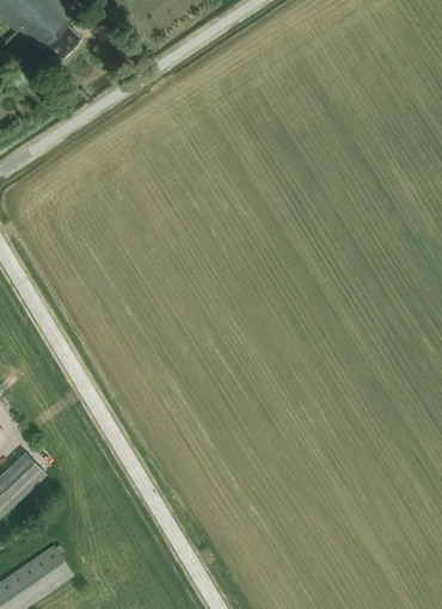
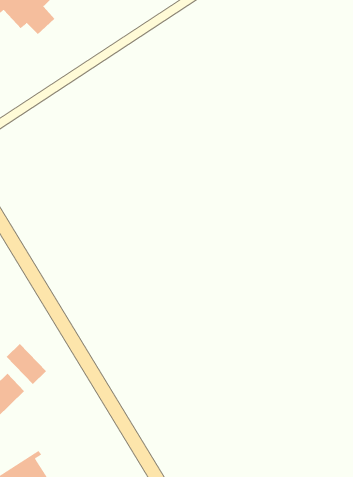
building: none -> [6,343,47,385]

